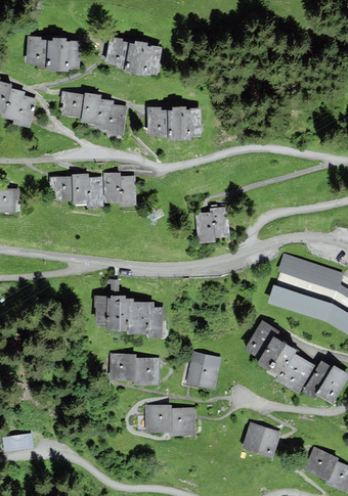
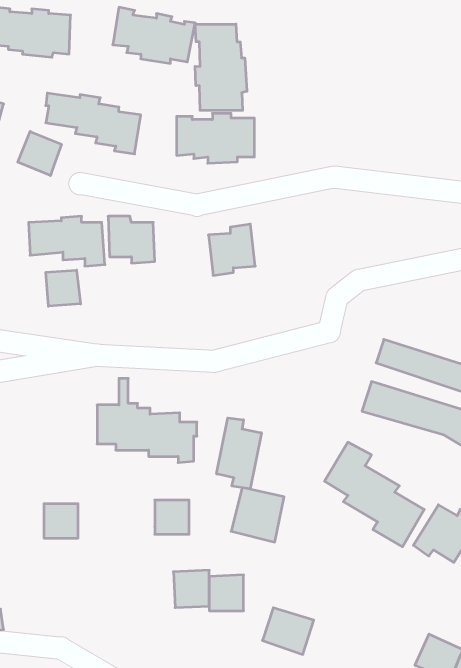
building: none -> [195,24,247,110]
building: none -> [18,131,61,176]
building: [197,208,227,241] -> [208,224,255,275]
building: none -> [46,270,81,306]
building: none -> [217,418,261,489]
building: [112,355,134,377] -> [44,504,78,538]
building: [244,424,277,455] -> [262,608,314,654]

